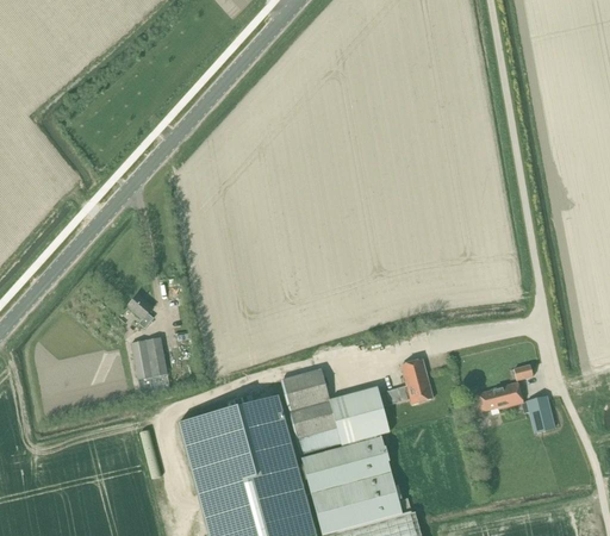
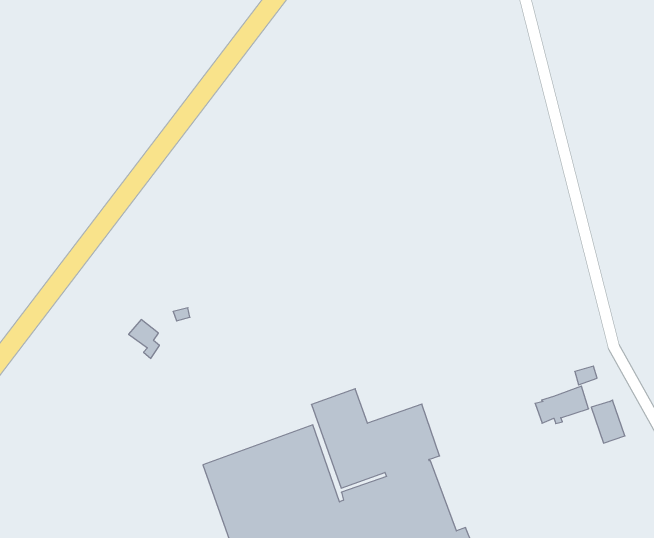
building: [131,337,169,391] -> none
building: [386,359,432,404] -> none

